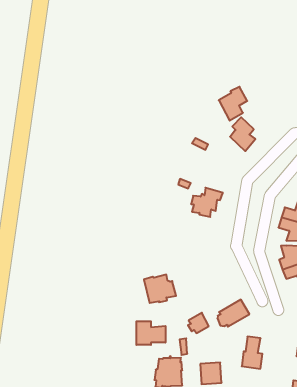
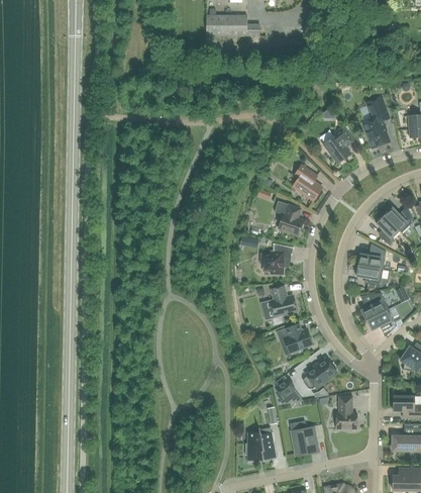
building: [219,87,247,121] -> [323,126,353,164]
building: none -> [275,200,303,234]
building: none -> [270,286,297,316]
building: [144,275,176,303] -> [276,323,312,356]
building: [136,321,165,345] -> none

